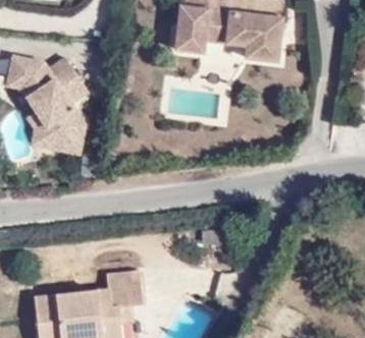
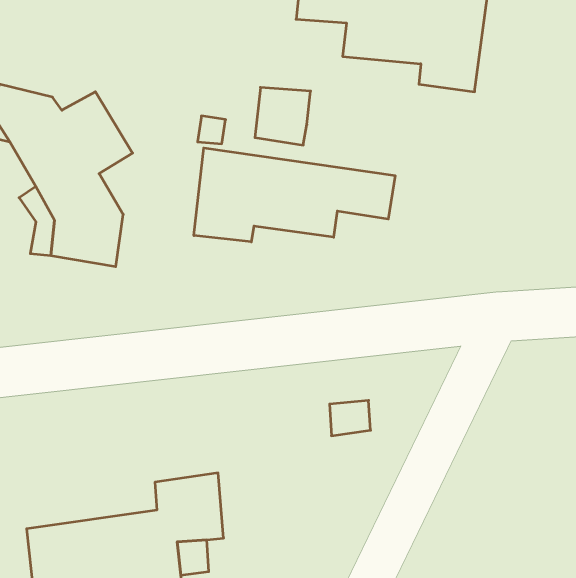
building: [175,18,206,50] -> [255,87,311,145]
building: none -> [194,148,395,242]

